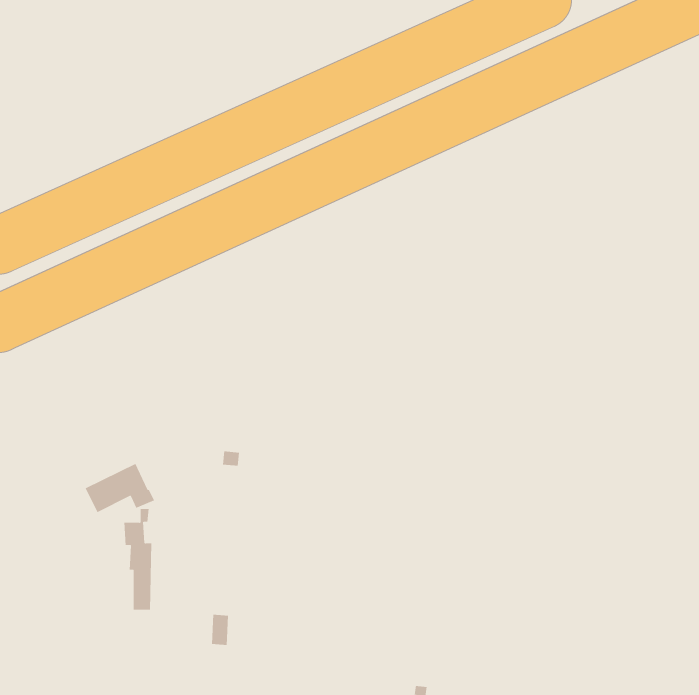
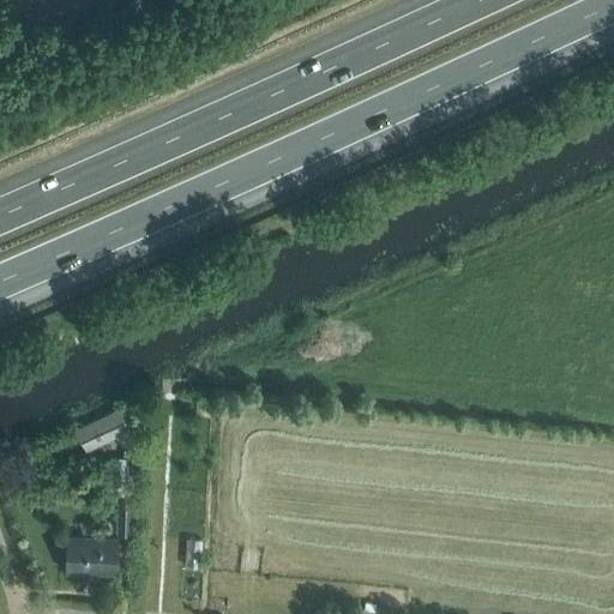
building: none -> [65,538,116,576]

